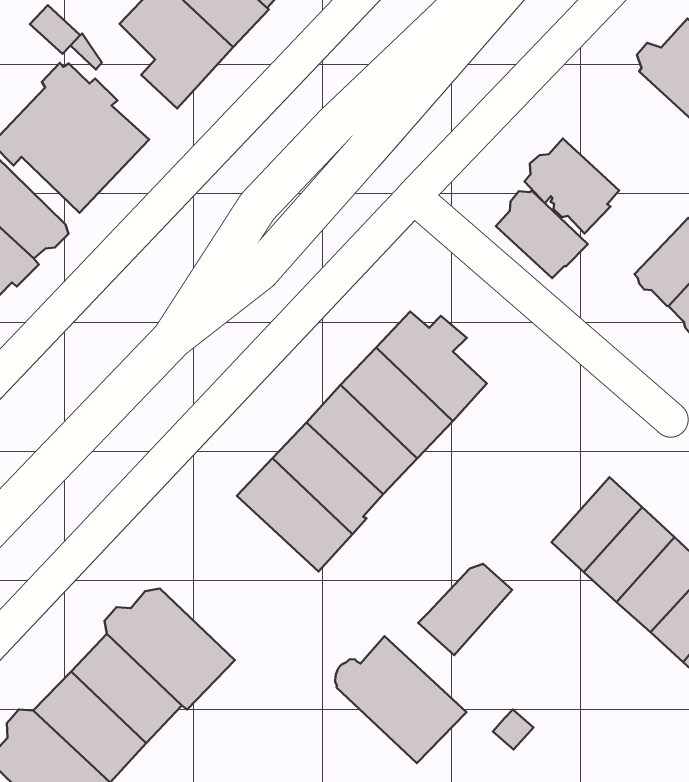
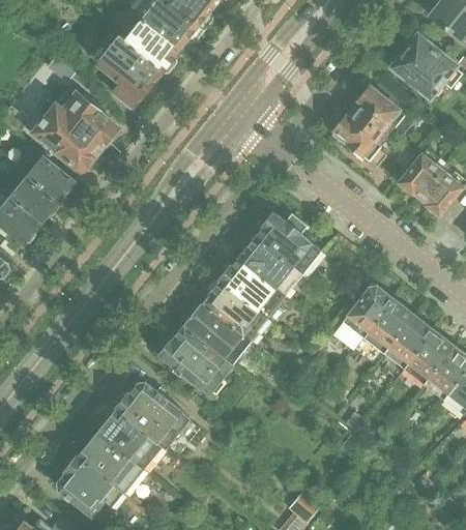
building: [496,190,588,278] -> [352,87,405,136]
building: [418,564,512,655] -> [342,285,394,337]
building: [335,636,466,763] -> [157,325,233,395]

